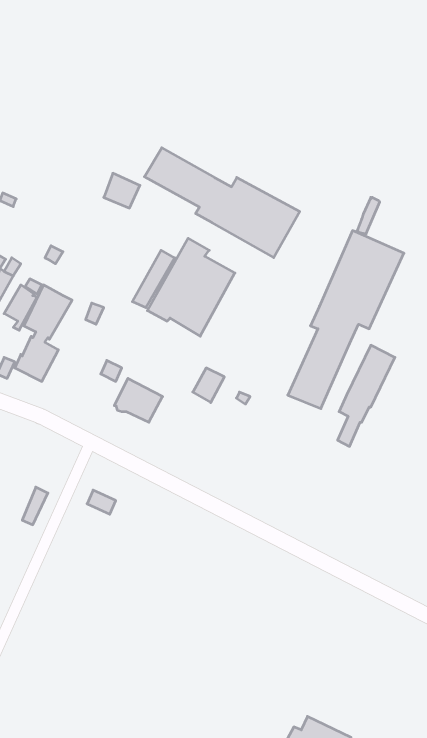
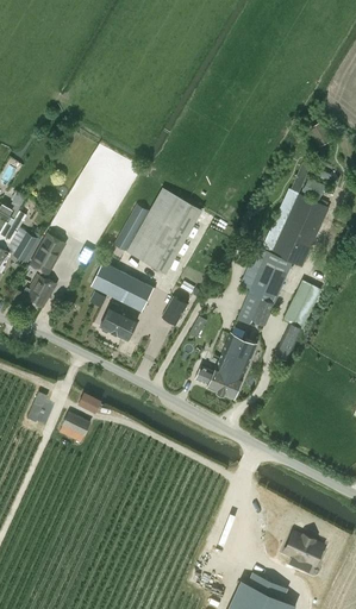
building: [144,148,300,258] -> none
building: none -> [87,260,152,310]
building: none -> [195,333,256,397]
building: none -> [60,412,90,442]
building: none -> [287,533,324,564]

